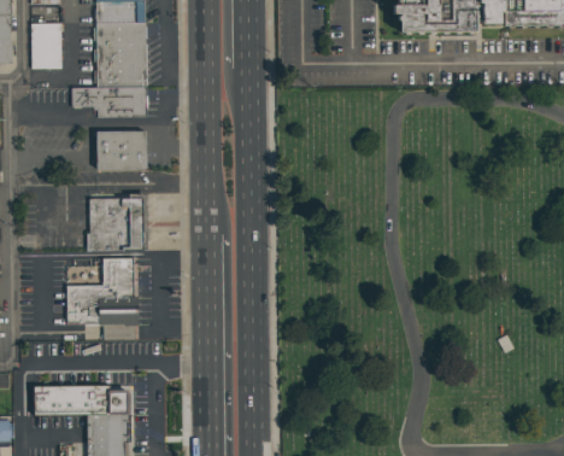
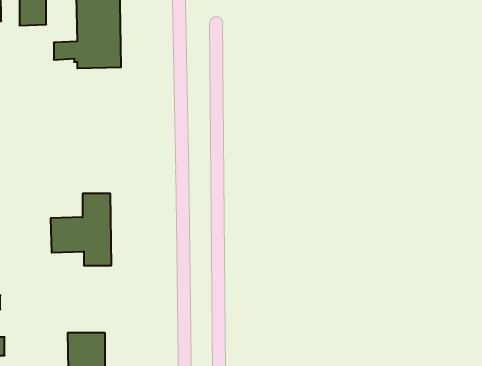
building: [100,130,146,169] -> none
building: [98,200,131,249] -> none
building: [34,386,129,415] -> none

